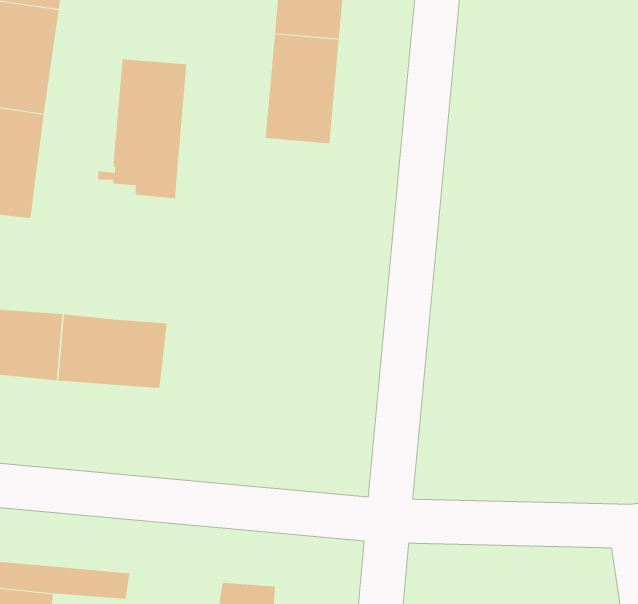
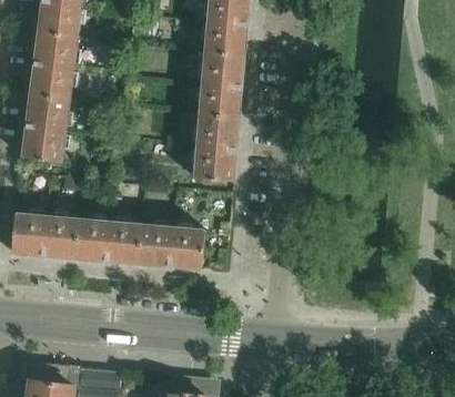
building: [97,59,187,199] -> [184,114,237,197]
building: none -> [136,224,204,268]

